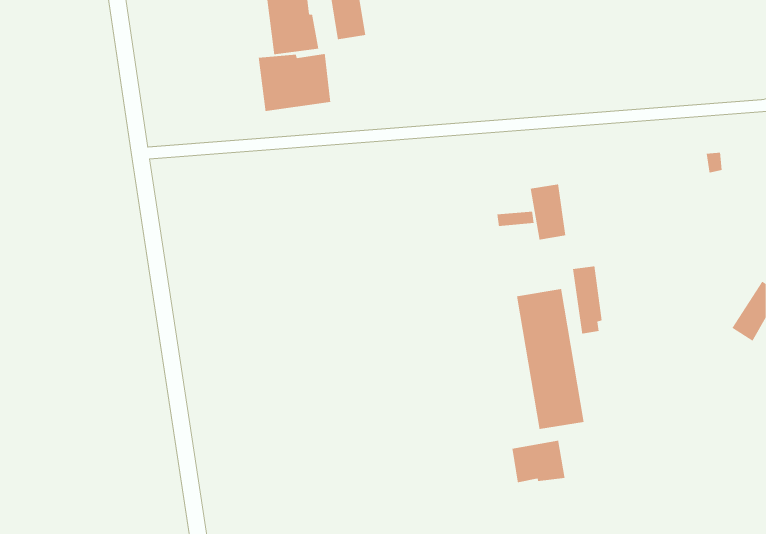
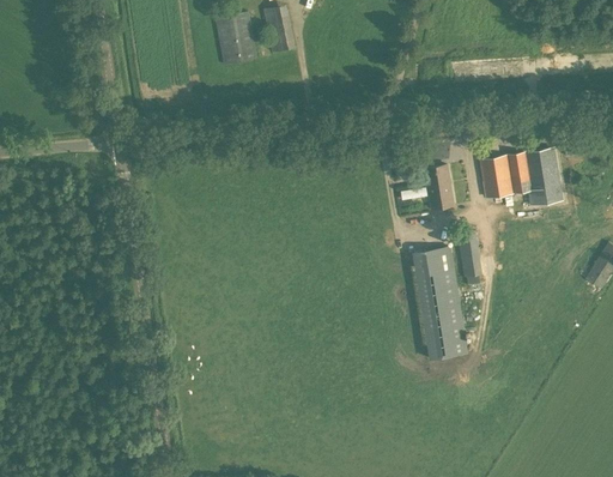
building: [258,53,331,112] -> none
building: none -> [479,149,562,206]
building: [512,440,565,483] -> none

